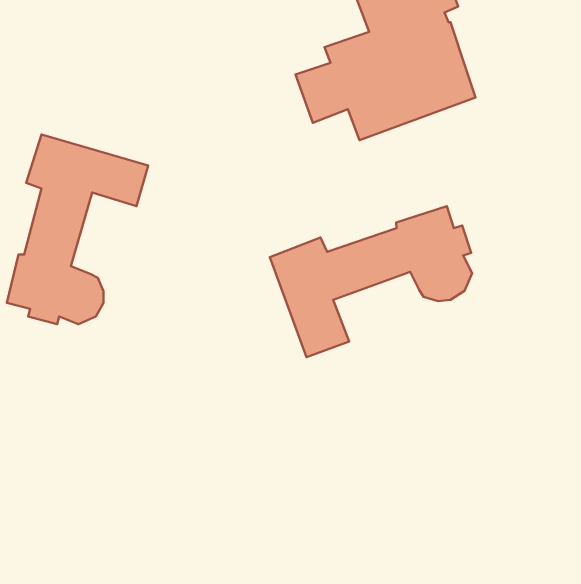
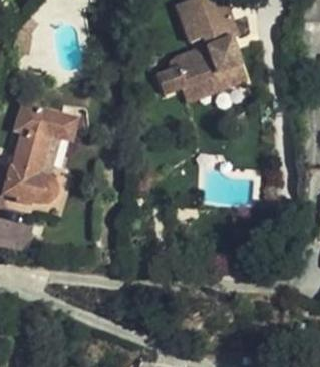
building: [270,206,472,357] -> none

